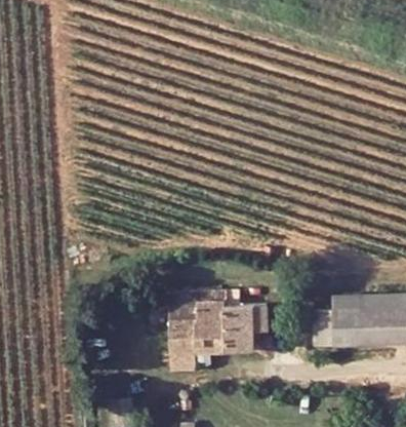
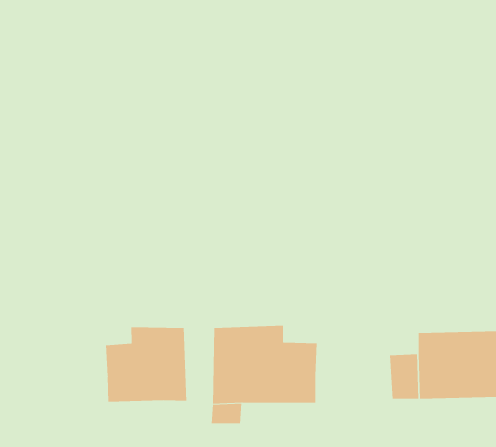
building: none -> [106,327,187,403]

